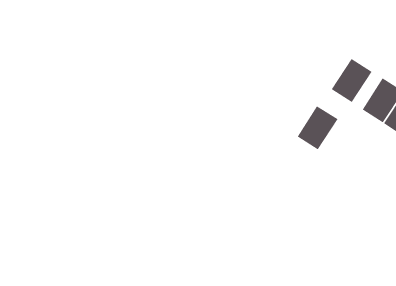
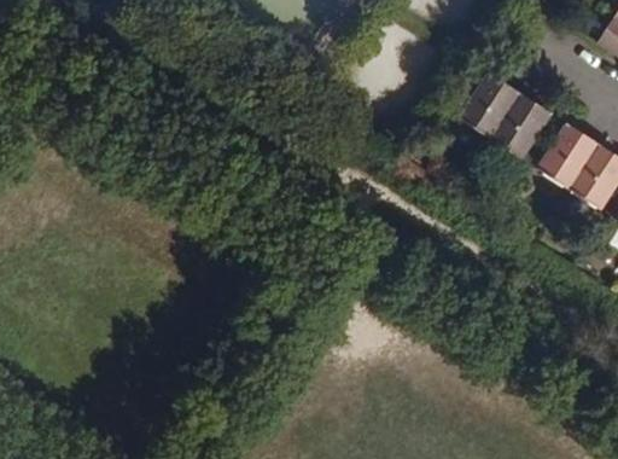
building: [297,105,339,150] -> [460,74,521,140]

